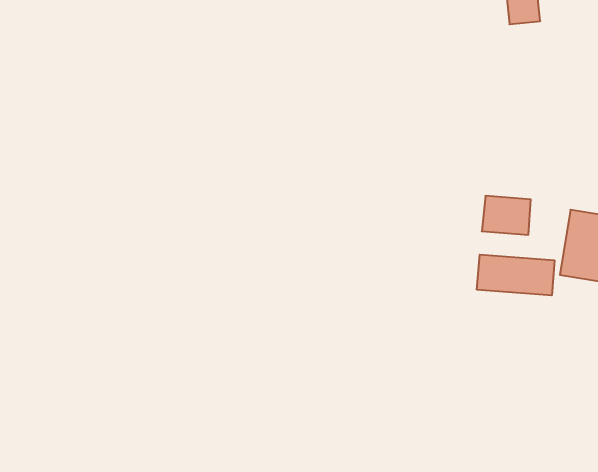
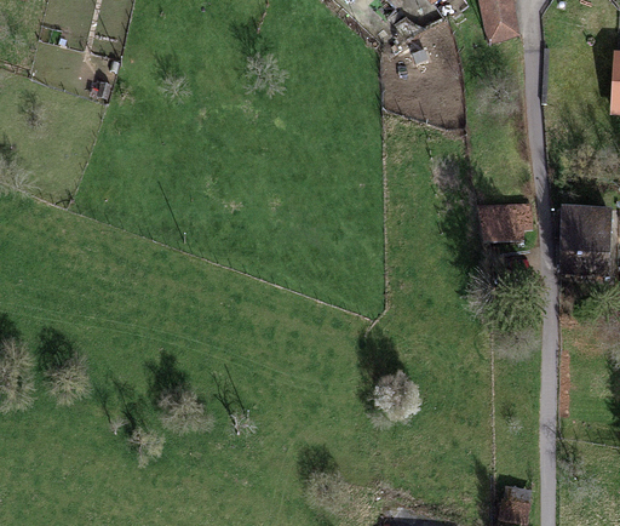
building: [477,255,554,295] -> none

